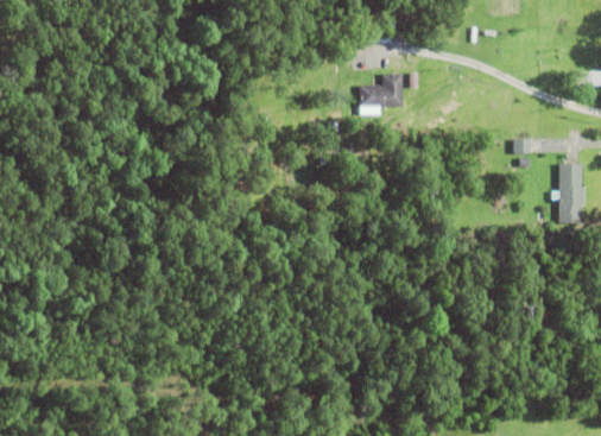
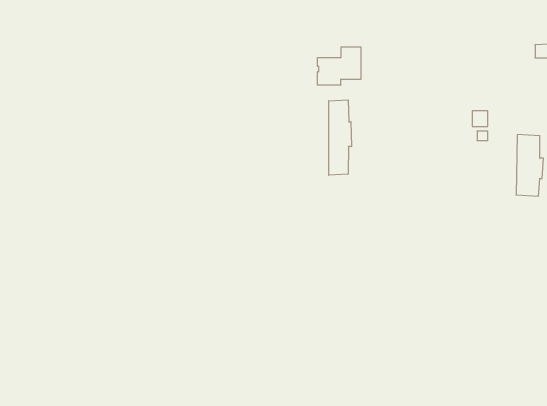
building: none -> [329,100,352,175]

